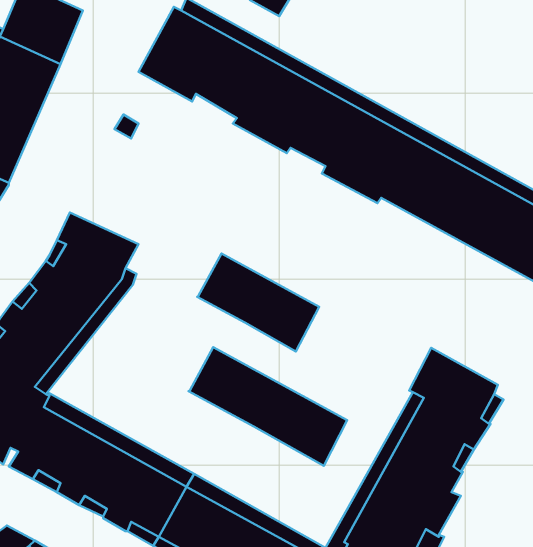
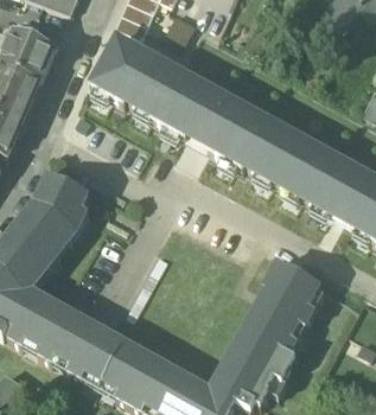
building: [197,254,319,352] -> none
building: [188,347,347,466] -> none

